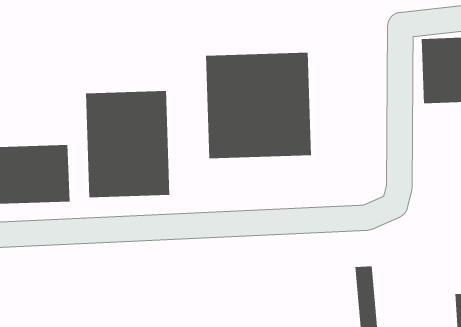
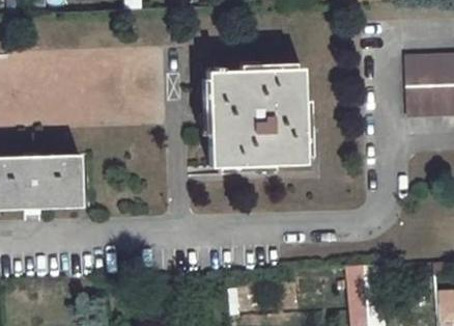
building: [86,90,170,198] -> none

